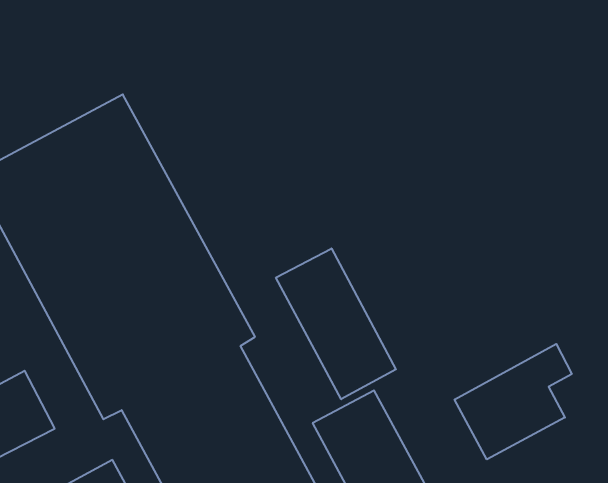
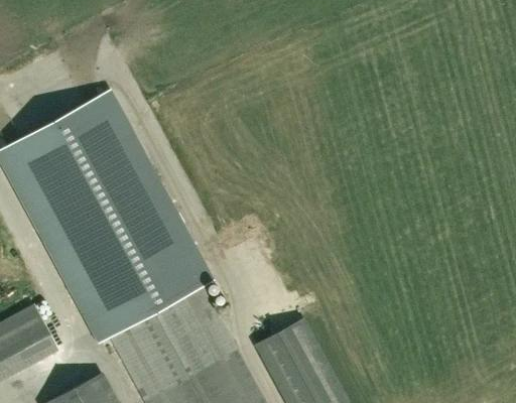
building: [276,248,396,399] -> none
building: [455,344,572,459] -> none

